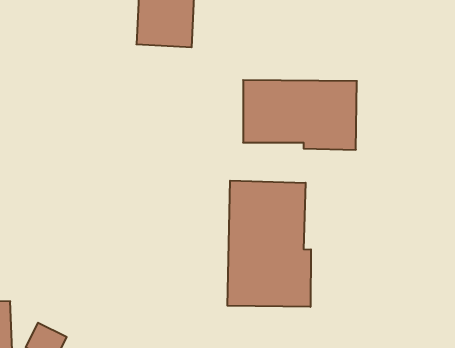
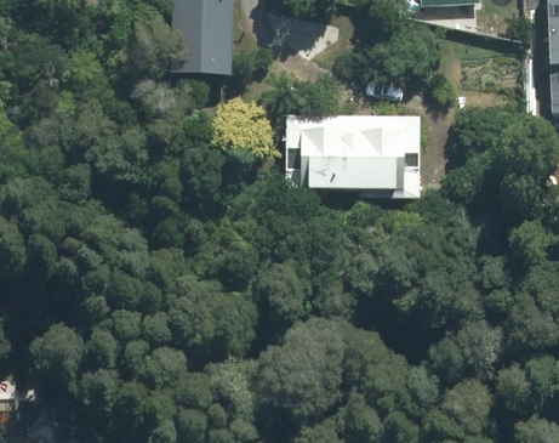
building: [227,181,311,307] -> none

